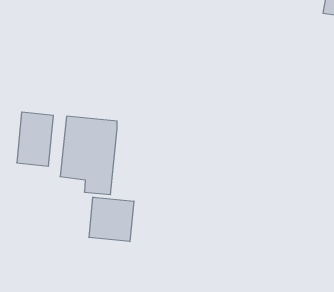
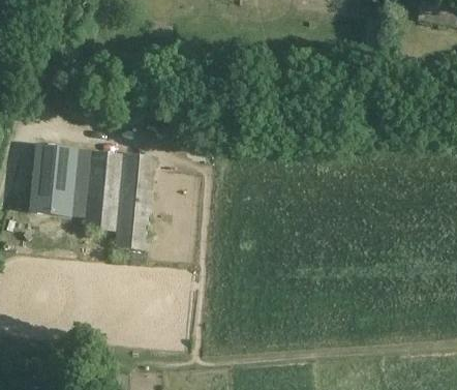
building: [89,197,134,242] -> none

